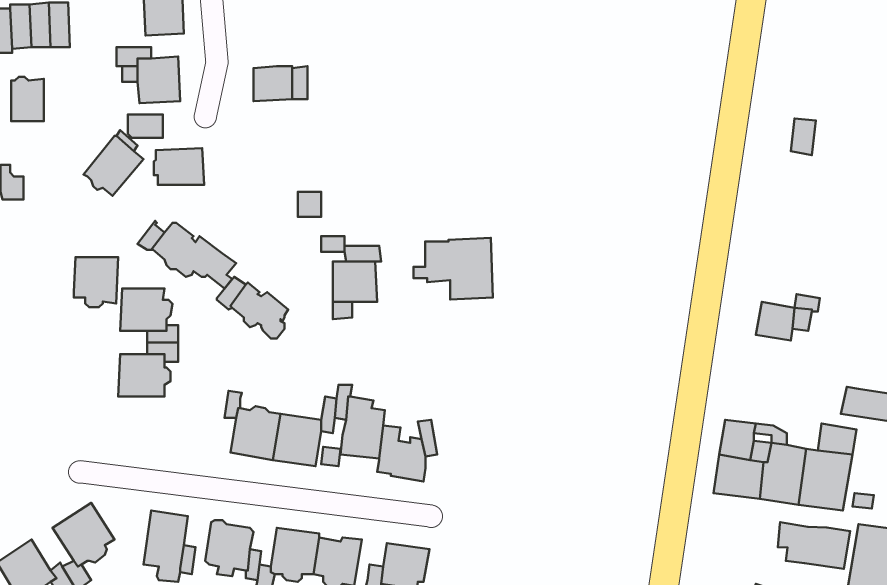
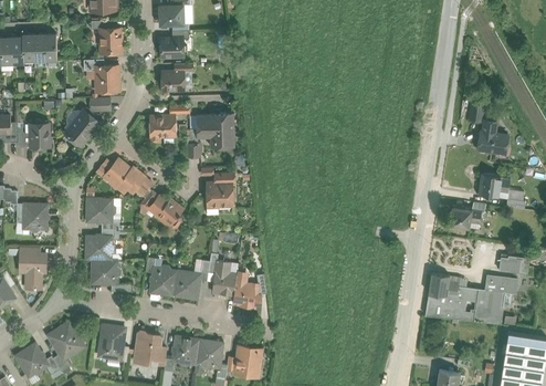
building: none -> [160,38,186,56]
building: [11,77,44,121] -> [30,122,49,147]
building: [154,148,204,185] -> [147,115,176,136]
building: none -> [477,119,507,153]
building: [414,238,493,300] -> [189,113,234,148]
building: none -> [479,174,510,197]
building: [74,257,118,307] -> [22,204,48,232]
building: none -> [24,253,45,290]
building: none -> [91,260,119,284]
building: [778,522,850,569] -> none

